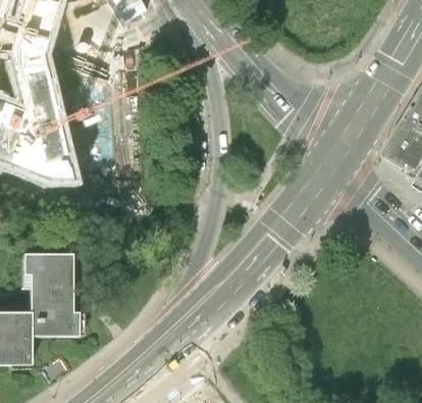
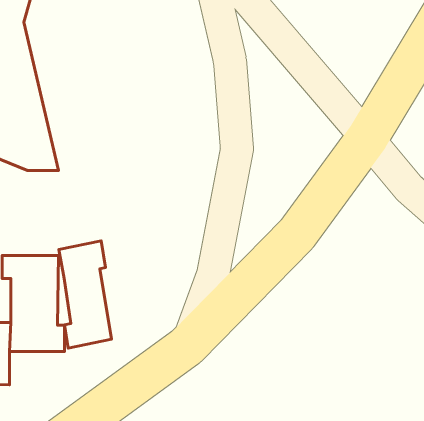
building: none -> [59,241,112,348]

